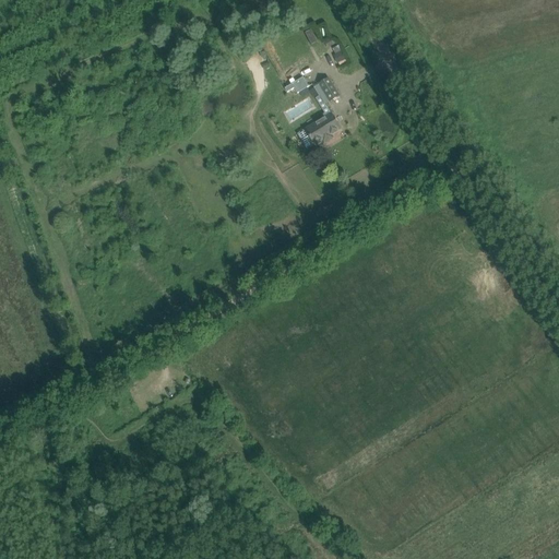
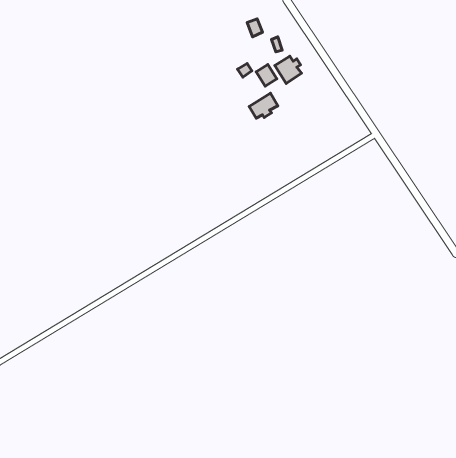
building: none -> [275,56,302,83]

